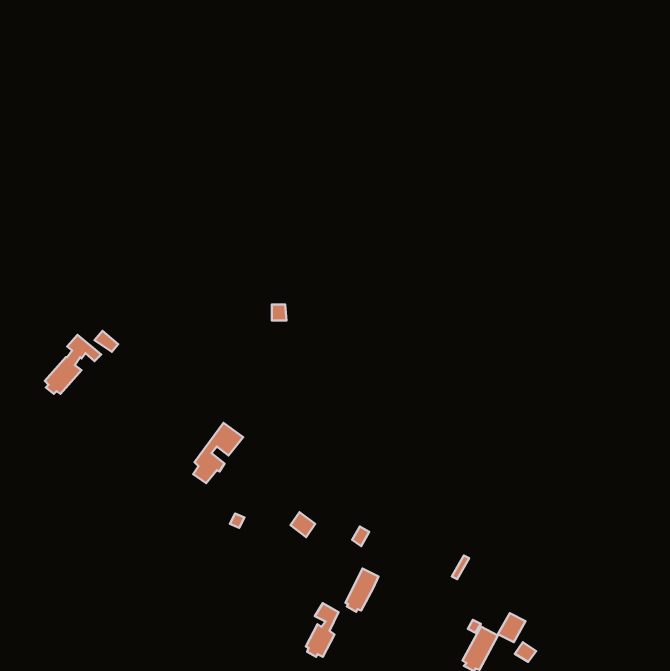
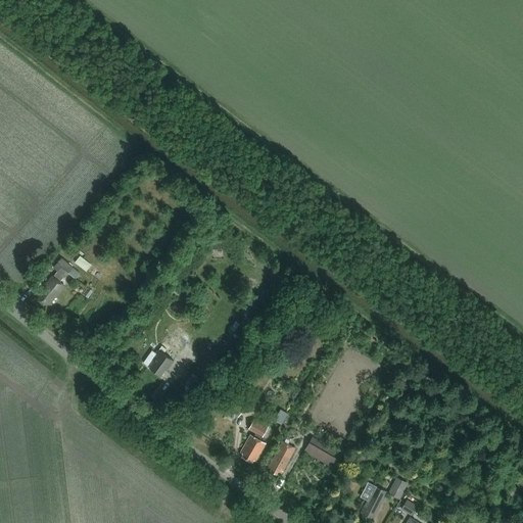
building: none -> [300,437,341,474]
building: [306,603,339,657] -> [242,420,268,462]

